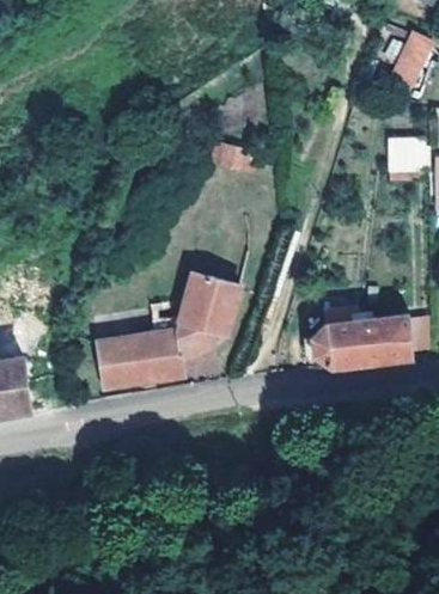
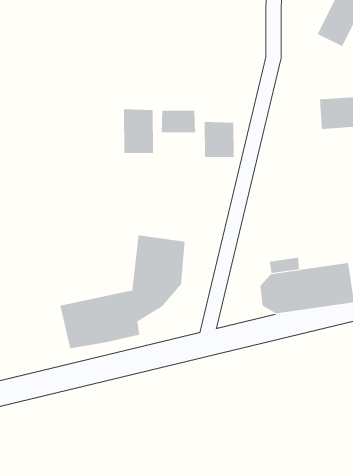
building: none -> [124,108,153,154]
building: none -> [204,121,234,158]

